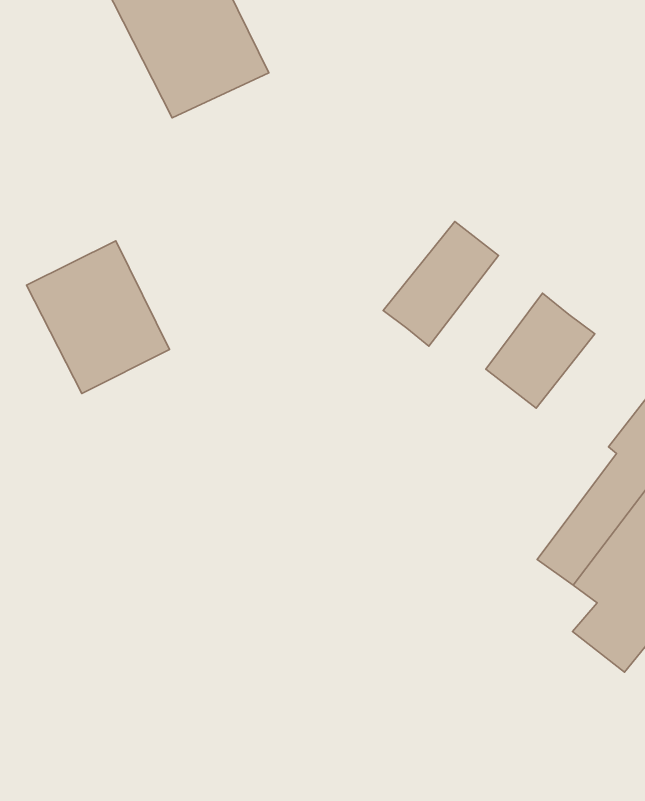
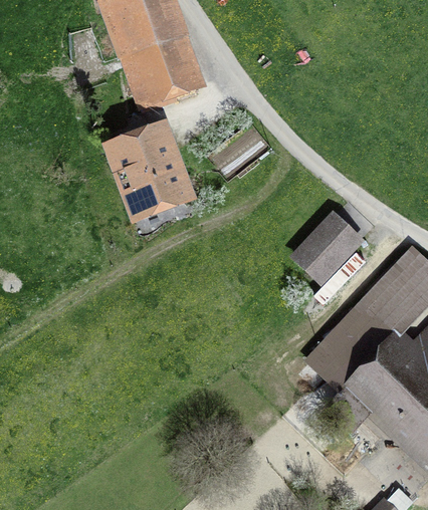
building: [383,221,499,346] -> none
building: [26,241,169,394] -> [114,131,188,212]

